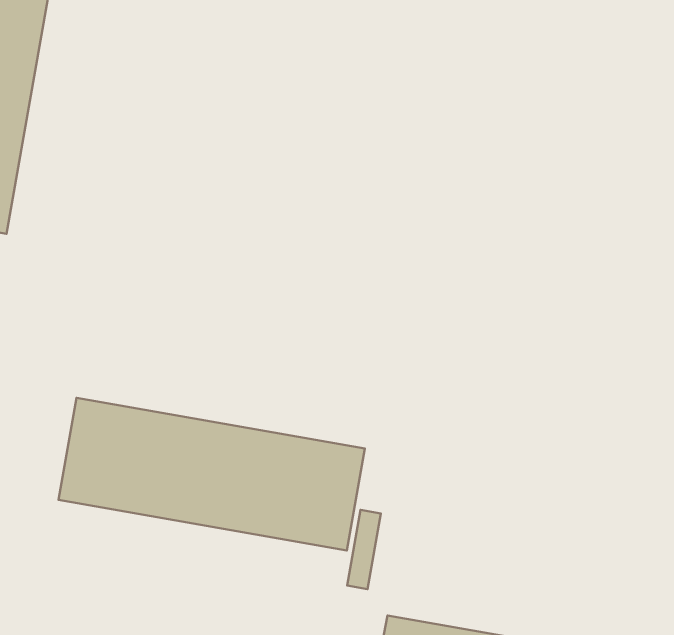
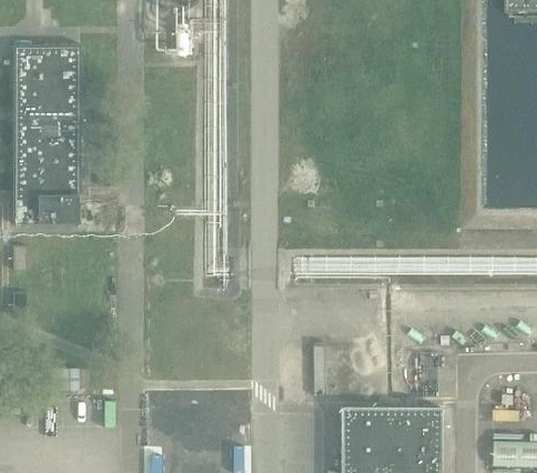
building: [58,398,365,550] -> none

